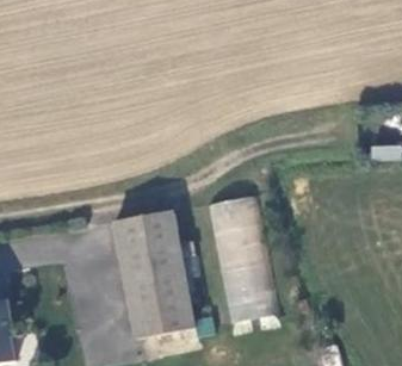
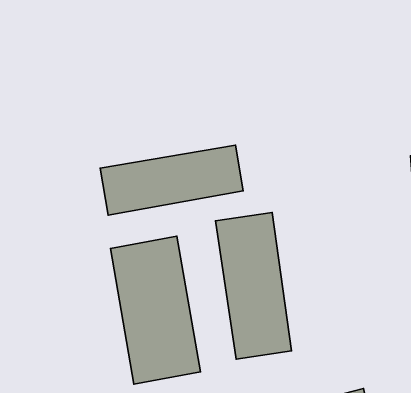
building: none -> [100,145,243,215]

